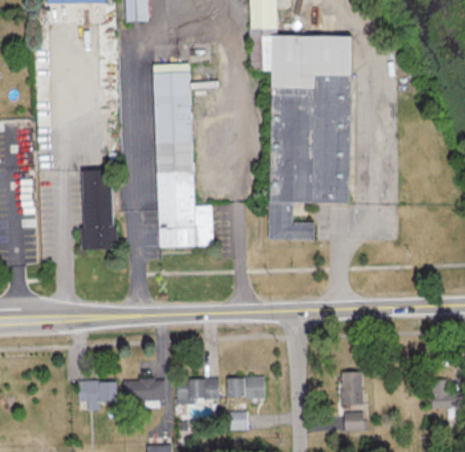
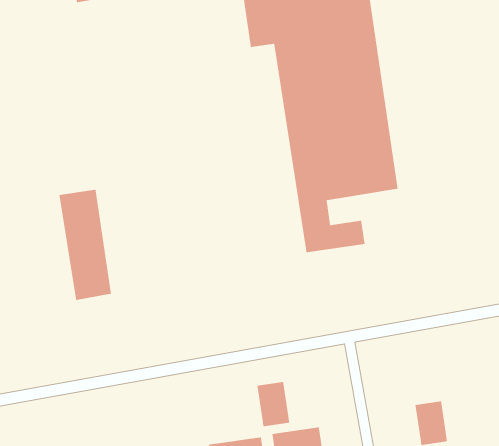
building: [157,64,220,251] -> none
building: none -> [257,381,290,427]

